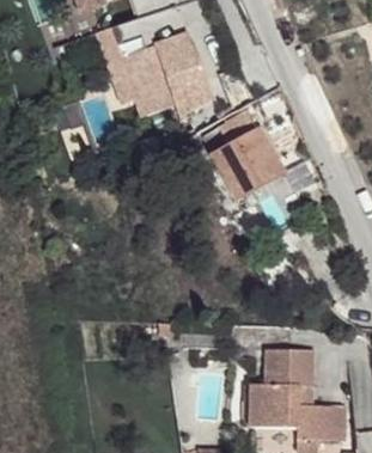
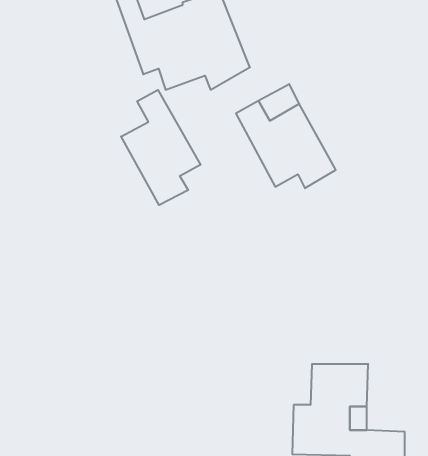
building: none -> [121,90,200,205]

